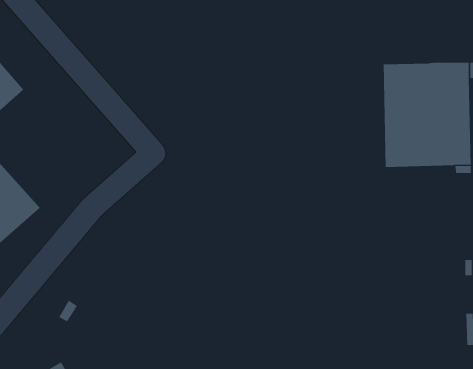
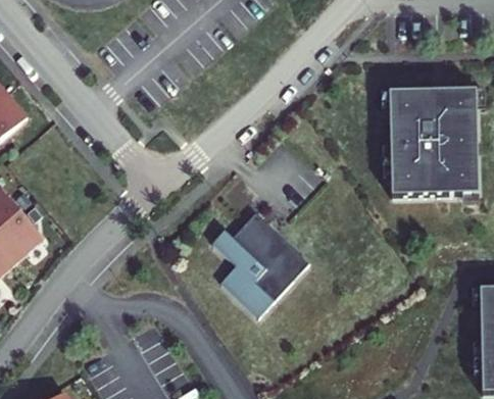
building: none -> [210,215,308,320]

